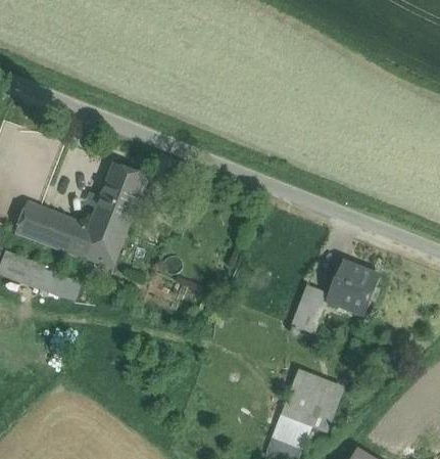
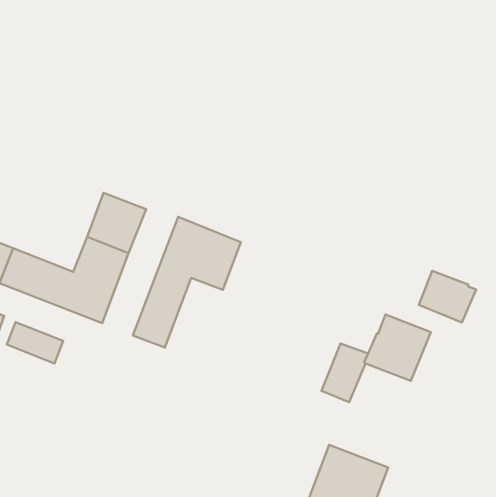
building: none -> [133,217,241,347]
building: none -> [419,271,476,323]

